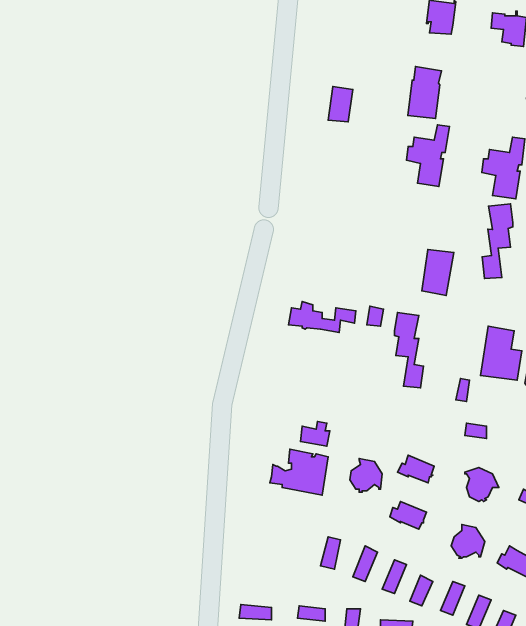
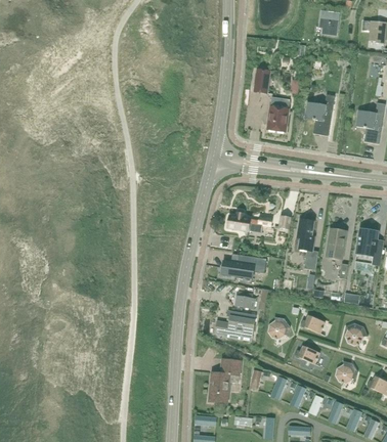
building: [408,66,442,119] -> [267,97,290,132]
building: [482,204,513,279] -> none
building: [422,249,454,295] -> [326,229,347,260]
building: none -> [222,255,266,283]
building: none -> [209,360,241,403]

